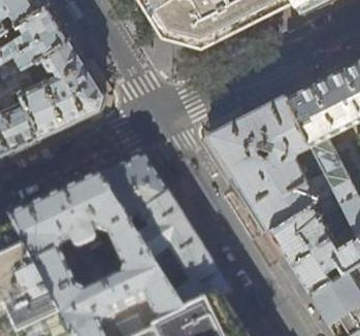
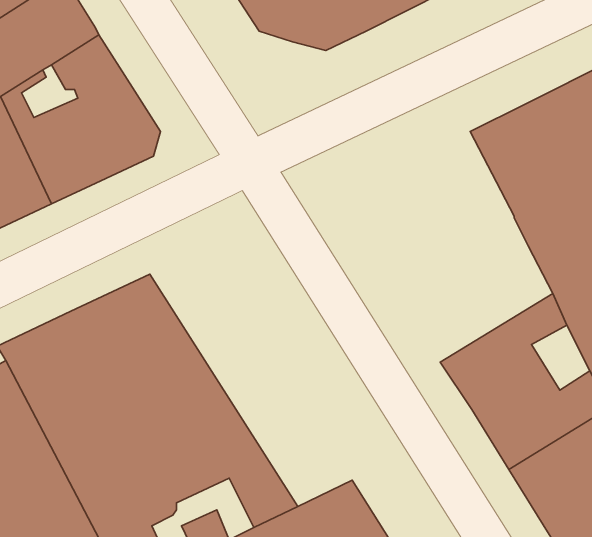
building: [207,94,334,229] -> none
building: [98,157,229,313] -> none

